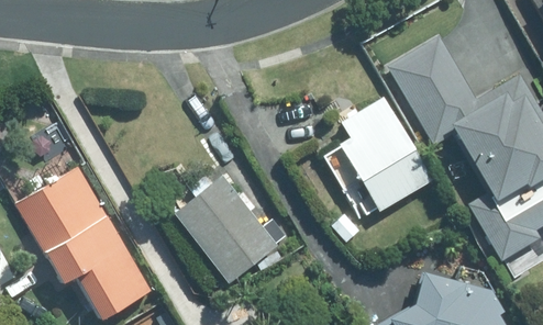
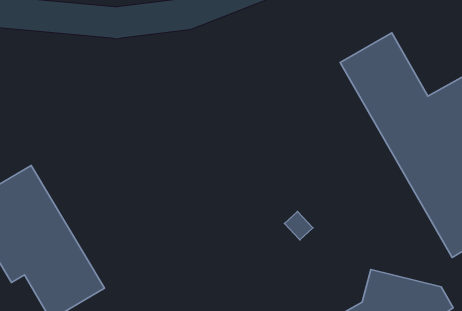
building: [340,97,434,212] -> none
building: [171,175,278,285] -> none

